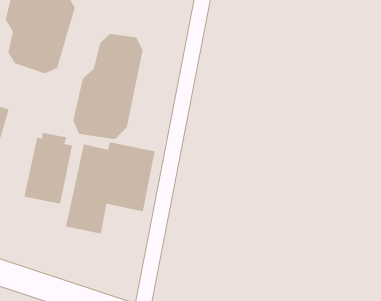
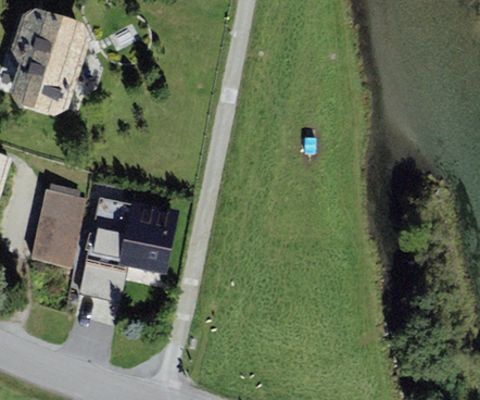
building: [73,33,143,140] -> none

